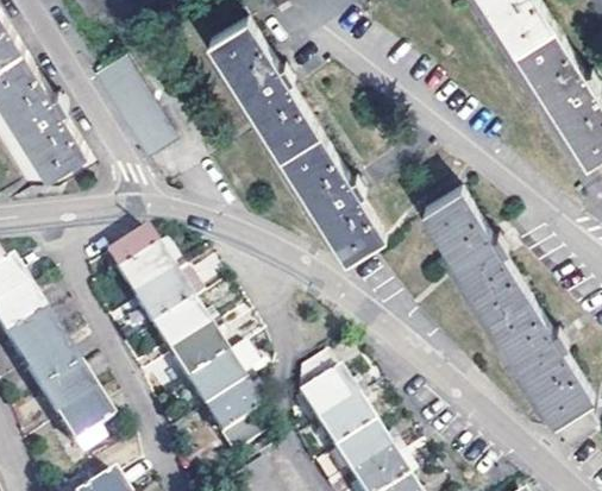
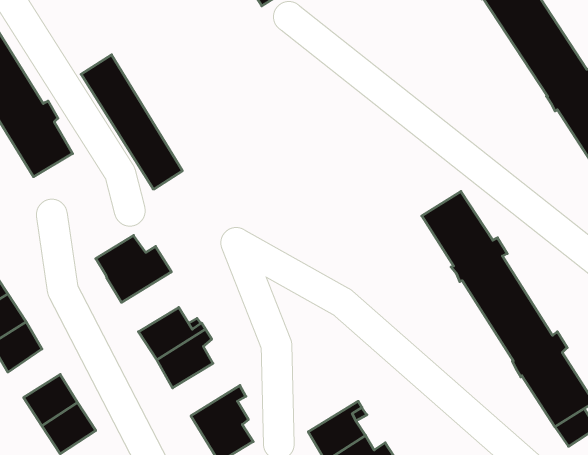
building: [206,18,384,262] -> none
building: [131,269,187,327] -> none
building: [20,344,71,391] -> none
building: [181,352,246,409] -> none
building: [296,353,362,424] -> none

